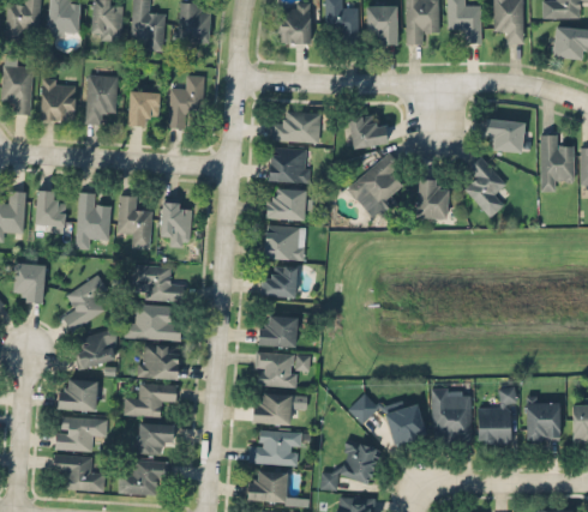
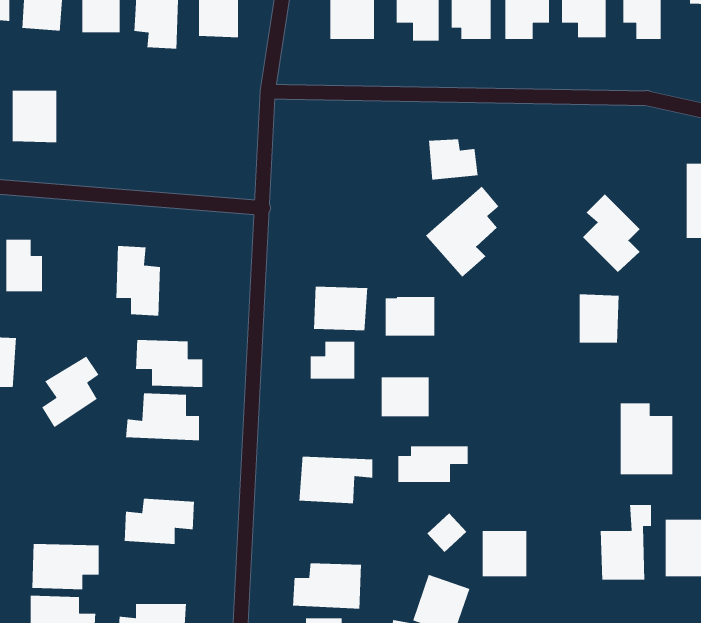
building: [85,74,118,124] -> none
building: [168,74,205,128] -> none
building: [130,91,160,125] -> none
building: [271,112,319,140] -> none
building: [485,118,524,152] -> none
building: [269,147,310,182] -> none
building: [418,180,448,217] -> [579,293,619,344]
building: [268,189,305,219] -> [385,296,435,336]
building: [74,193,110,247] -> none
building: [162,203,191,247] -> none
building: [259,315,295,345] -> [381,377,429,417]
building: [76,330,120,367] -> none
building: [139,345,178,378] -> none
building: [58,380,96,409] -> none
building: [432,387,472,441] -> [620,402,673,475]
building: [252,394,305,422] -> [397,446,469,483]
building: [138,423,173,452] -> none

